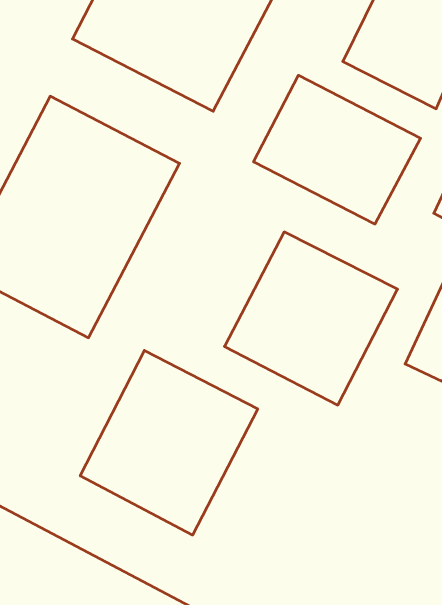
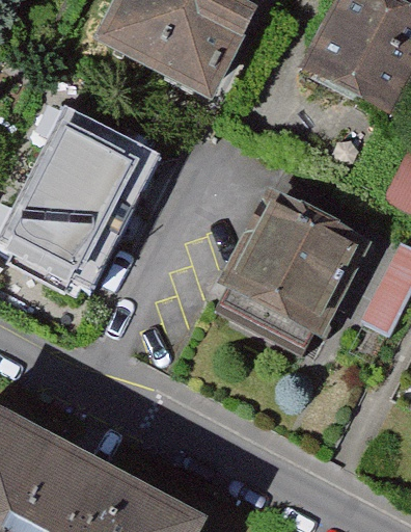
building: [254,75,421,224] -> none
building: [80,350,258,535] -> none

